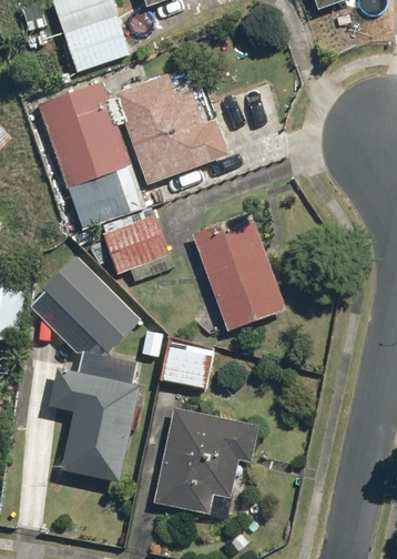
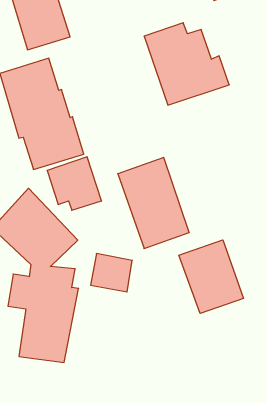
building: [116,75,227,183] -> [144,23,229,105]
building: none -> [179,240,243,313]
building: [153,407,259,516] -> none

